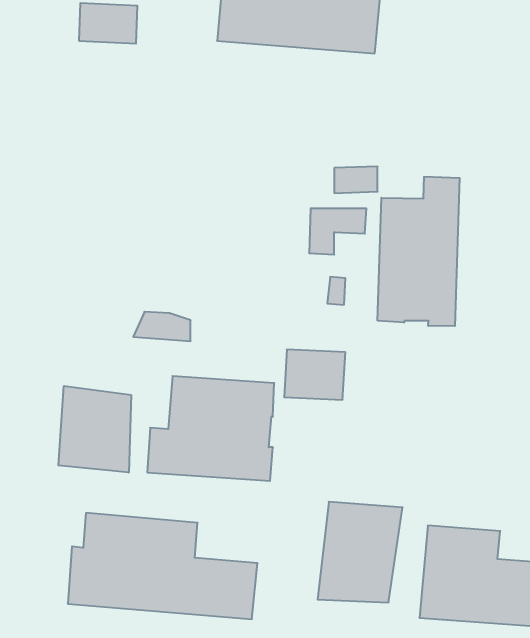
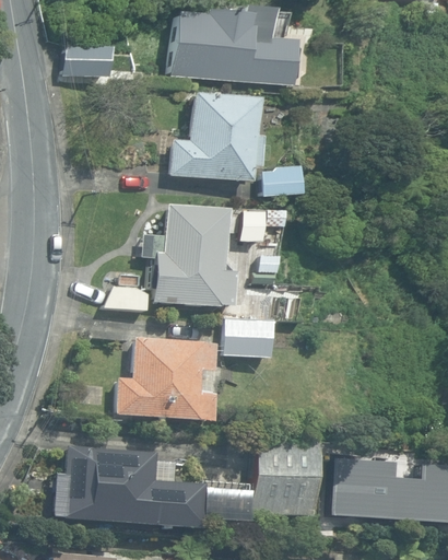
building: none -> [172,94,263,179]
building: [378,177,460,326] -> none
building: none -> [152,202,238,307]
building: [58,386,131,473] -> none

